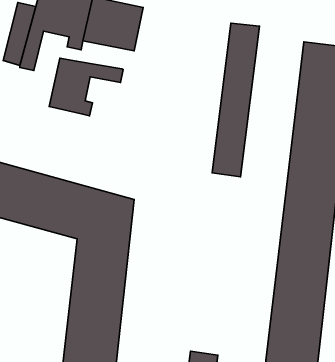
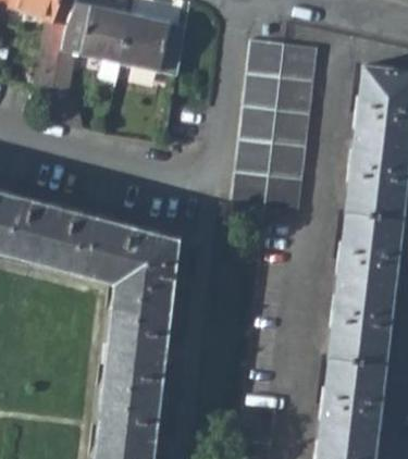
building: none -> [232,40,284,210]
building: [49,58,123,116] -> none

